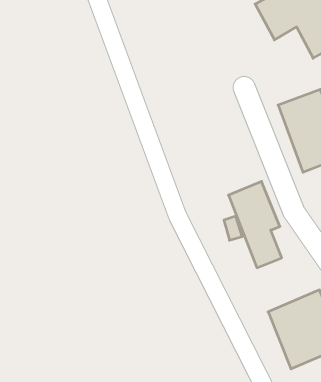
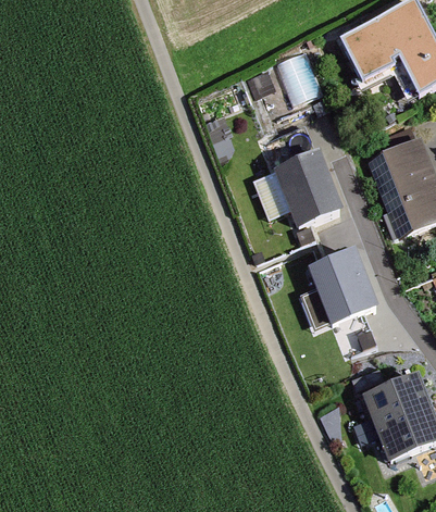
building: none -> [262,152,338,230]

